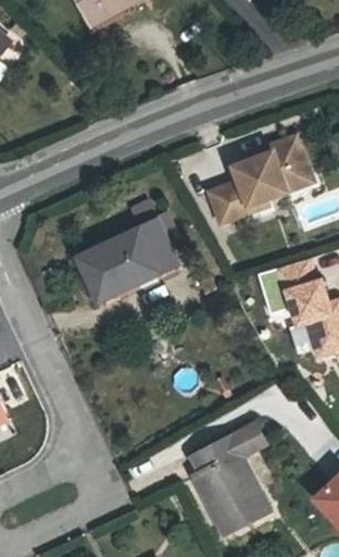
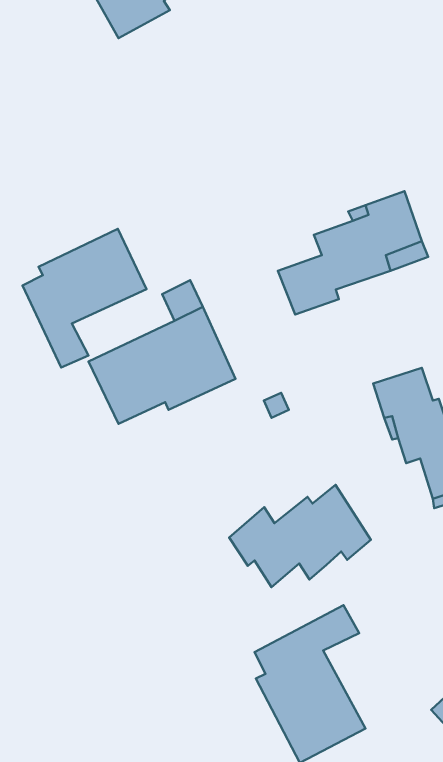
building: none -> [22,229,147,368]
building: none -> [229,485,371,587]

